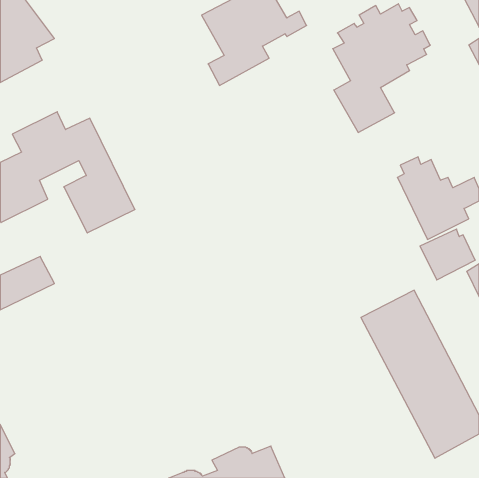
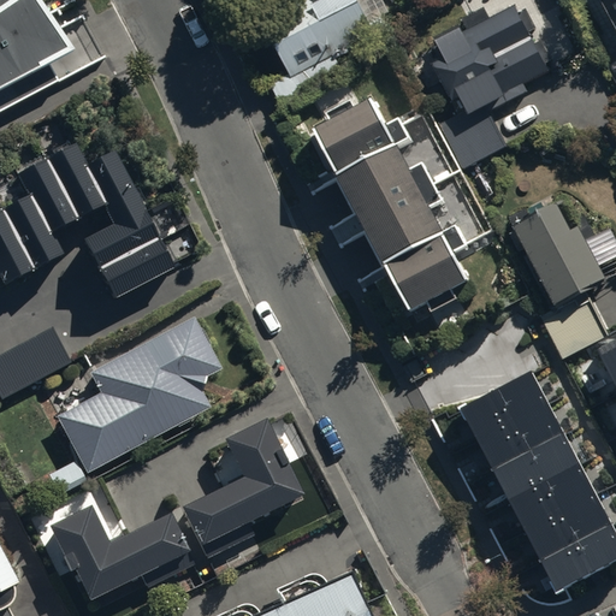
building: none -> [314,99,470,312]
building: none -> [48,316,221,493]
building: none -> [179,419,302,546]
building: none -> [47,504,186,600]

